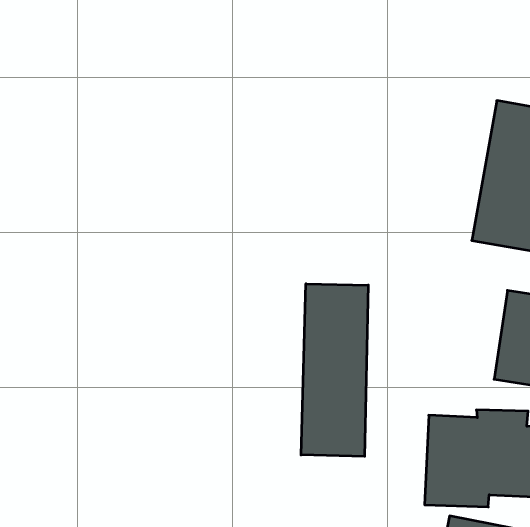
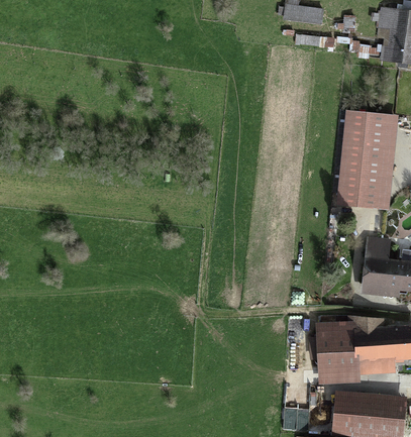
building: [301,284,368,456] -> none

